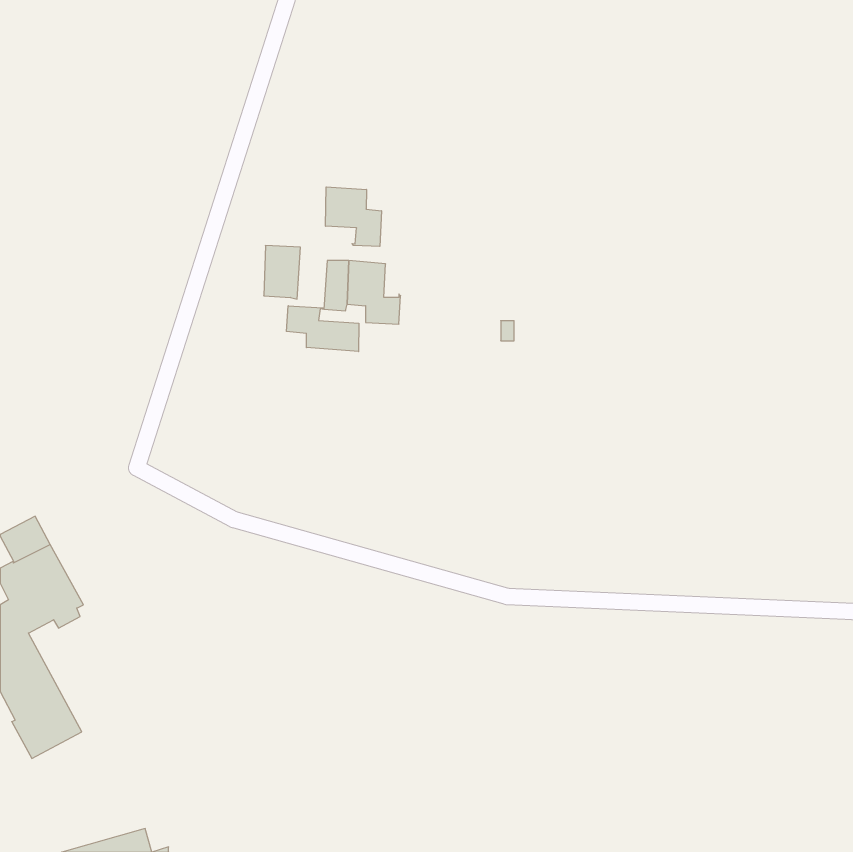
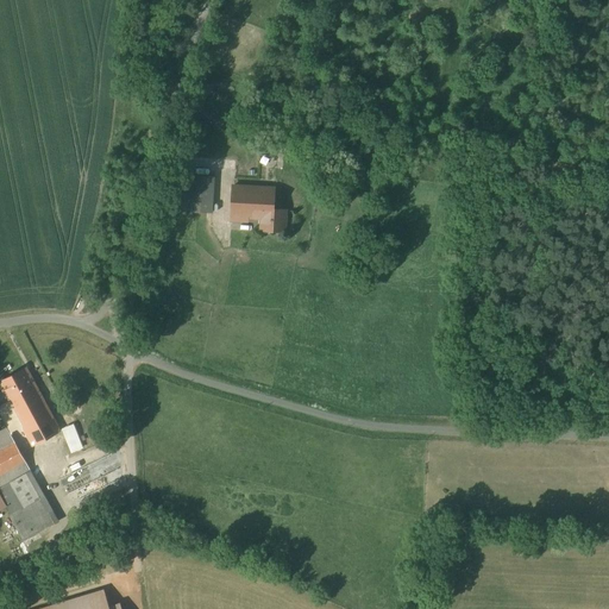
building: [326,187,381,246] -> none
building: [286,306,359,352] -> none

